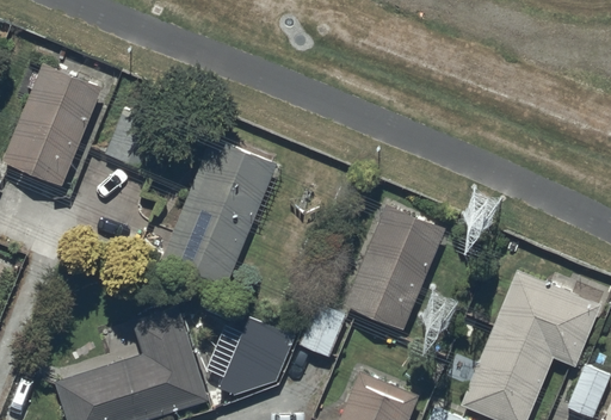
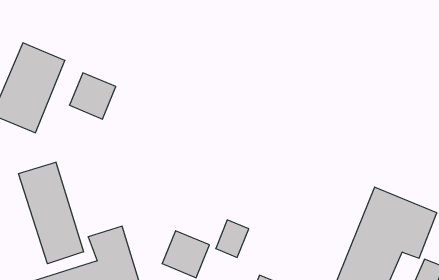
building: [163,135,278,283] -> none
building: [347,208,443,326] -> none
building: none -> [18,162,84,264]

